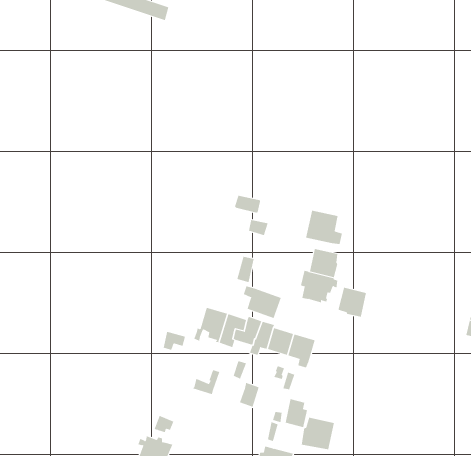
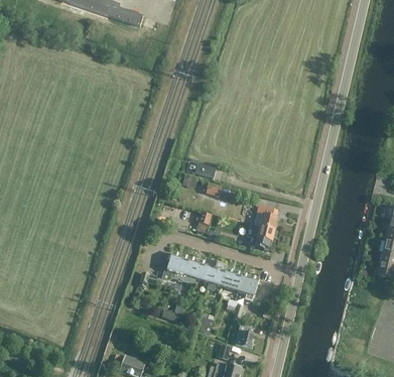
building: [305,210,343,245] -> none
building: [243,286,282,319] -> none
building: [338,287,367,318] -> none
building: [301,417,334,450] -> none

